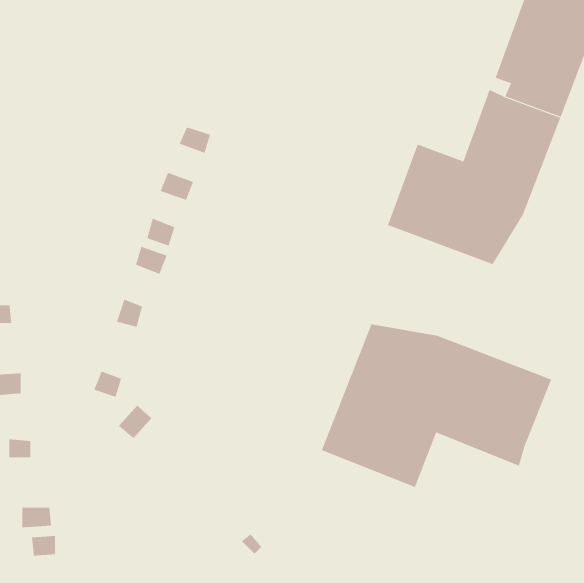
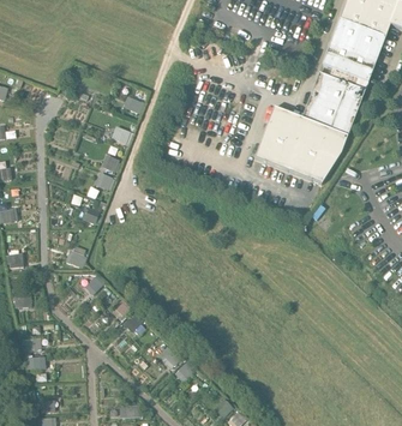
building: [321,323,552,488] -> none

